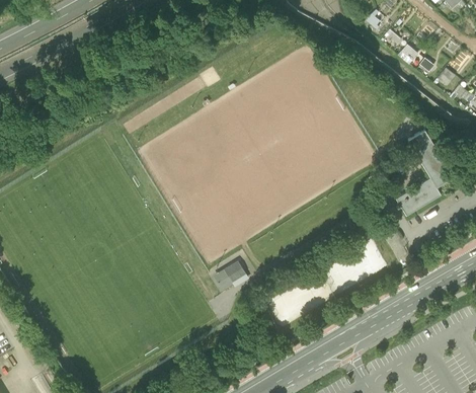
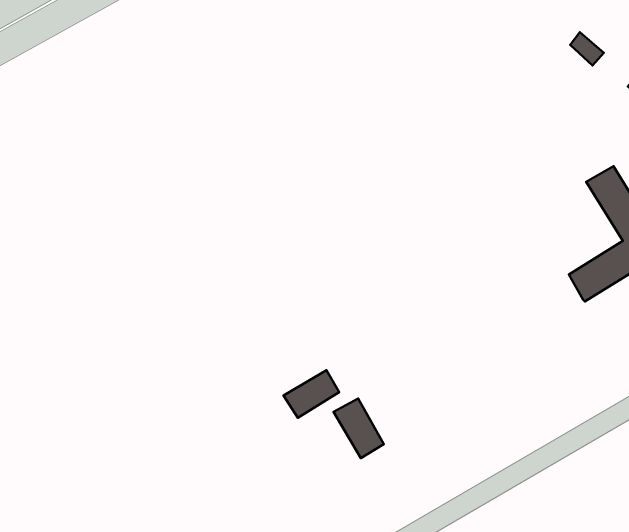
building: none -> [334,399,384,458]

